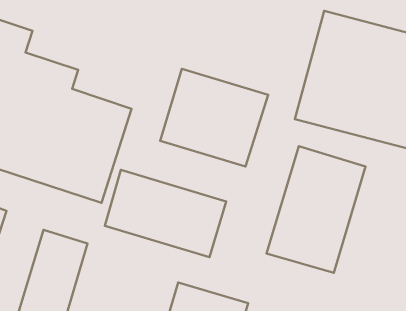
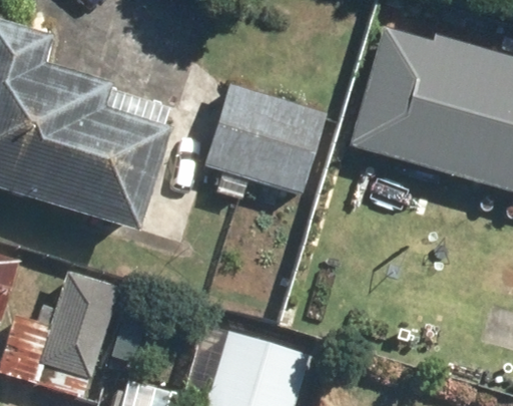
building: [267,146,366,273] -> none
building: [105,170,226,257] -> none

